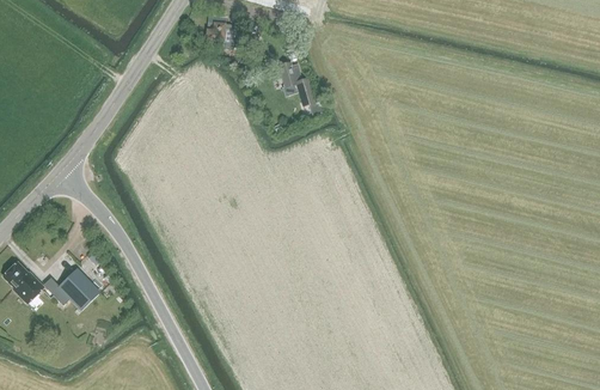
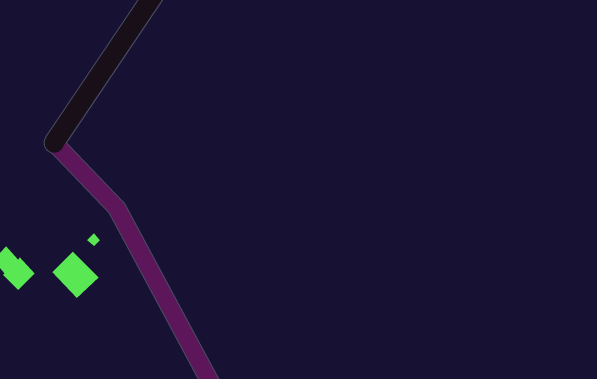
building: [278,61,316,106] -> none

